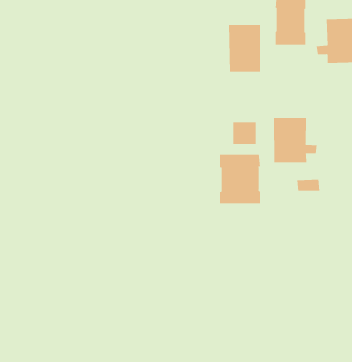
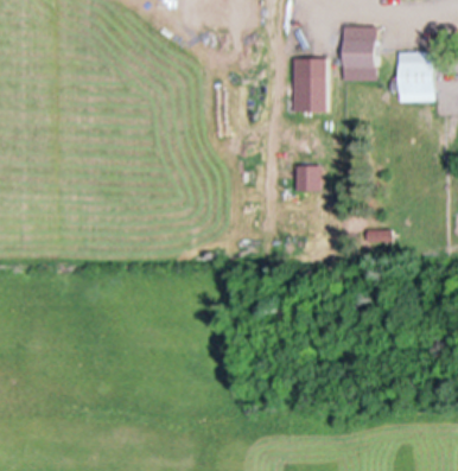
building: [274,117,317,163] -> none
building: [220,154,260,204] -> none

